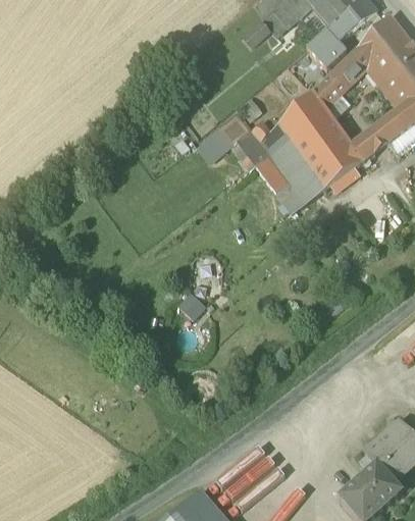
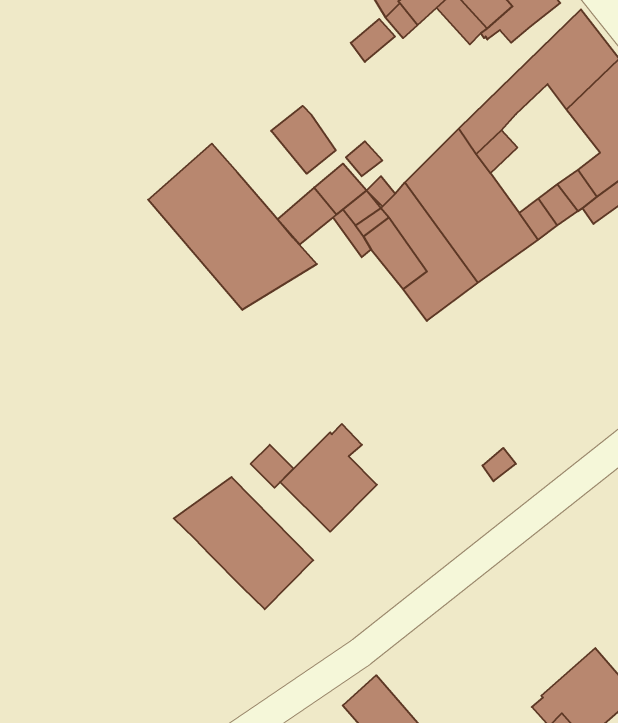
building: [308,31,345,66] -> none
building: none -> [271,106,336,174]
building: none -> [148,144,317,310]
building: none -> [280,424,377,532]
building: none -> [174,477,313,609]

